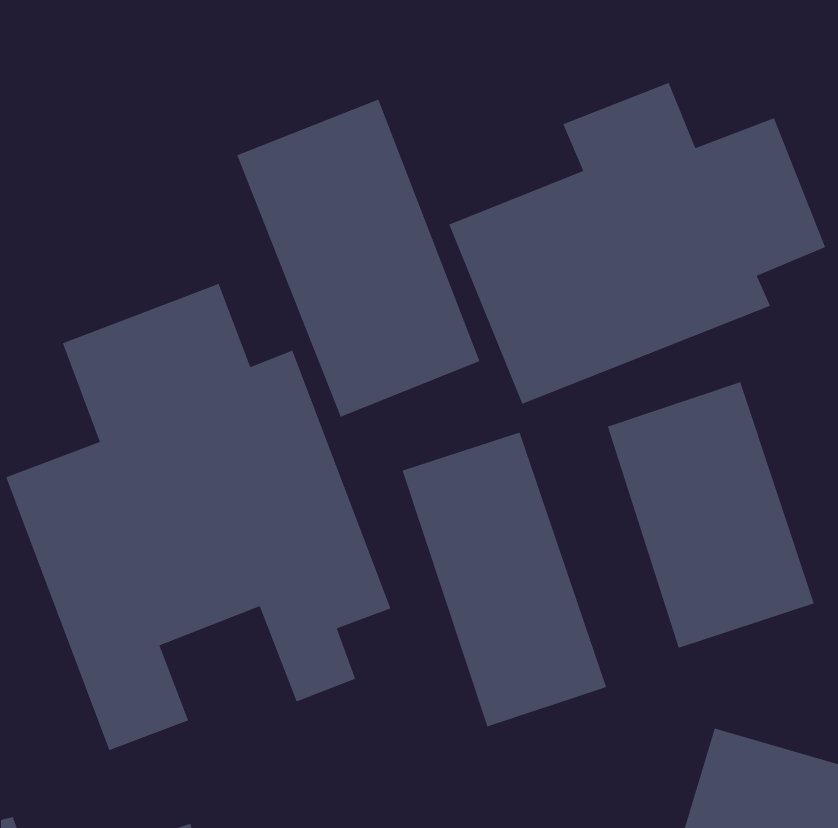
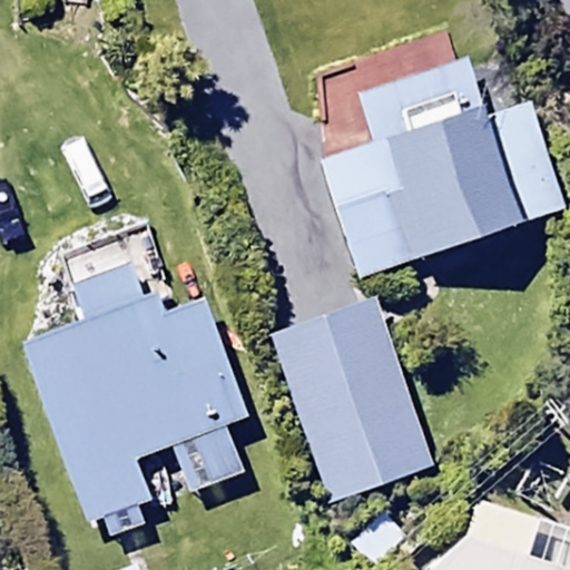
building: [236,98,480,418] -> none
building: [607,381,815,649] -> none

